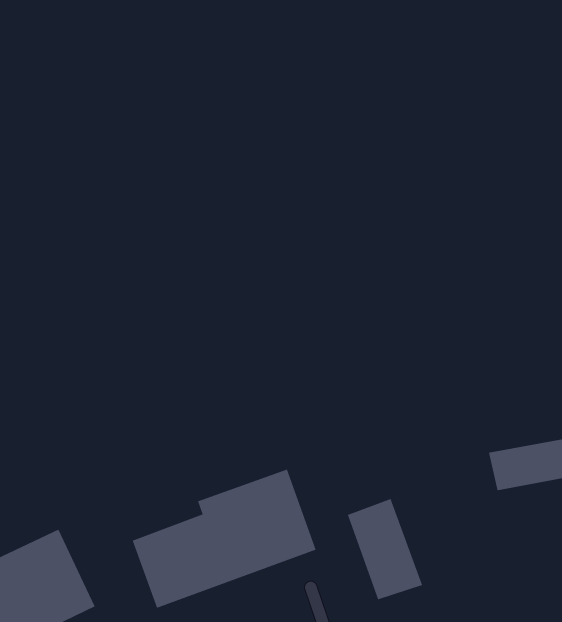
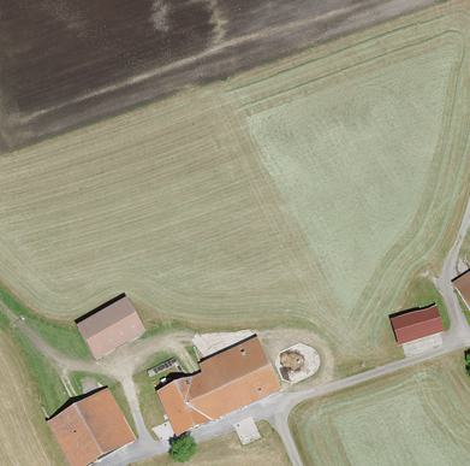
building: none -> [76,296,144,358]
building: [347,498,423,600] -> none

